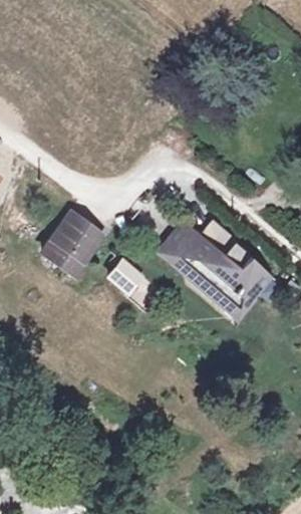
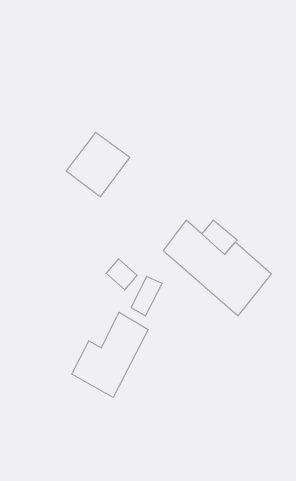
building: [41,211,102,273] -> [66,132,130,197]
building: none -> [72,312,148,397]

